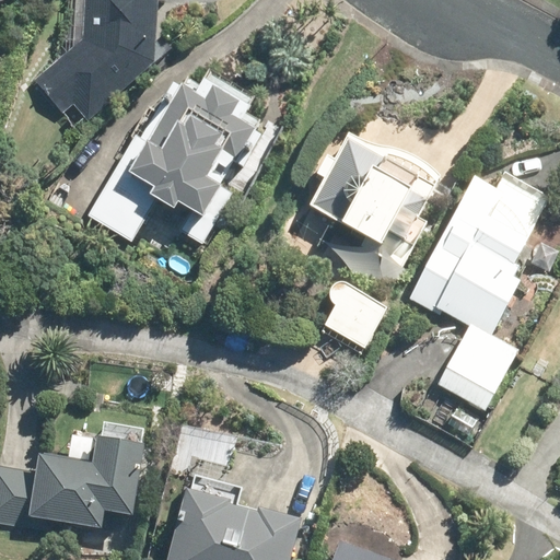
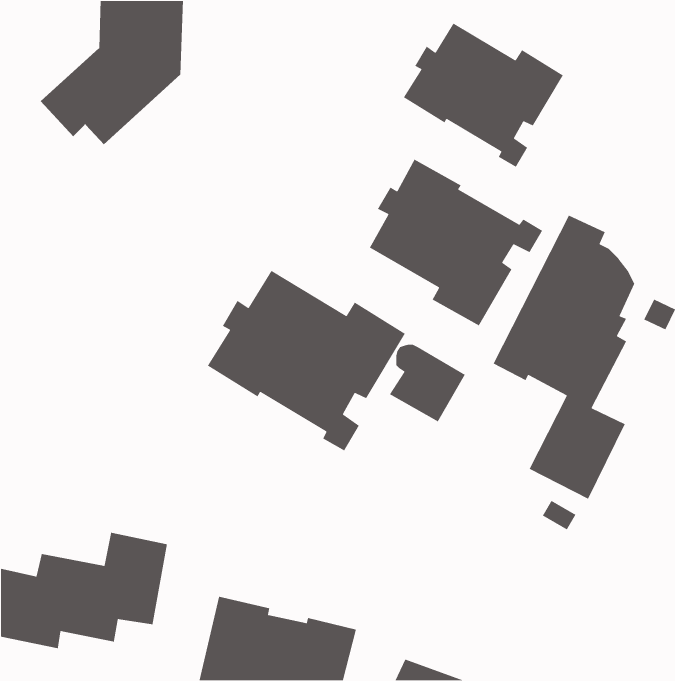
building: none -> [403,22,564,168]
building: [89,78,260,244] -> none
building: none -> [207,270,406,452]

